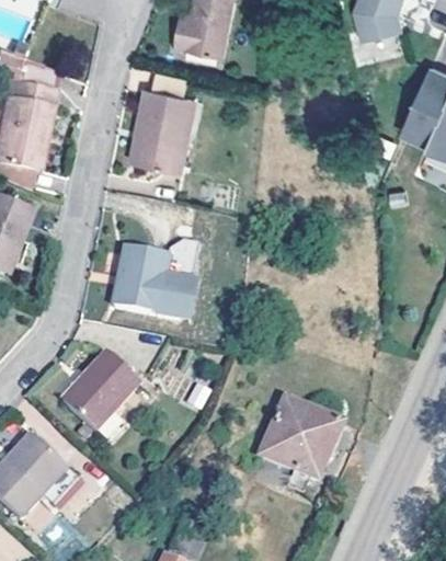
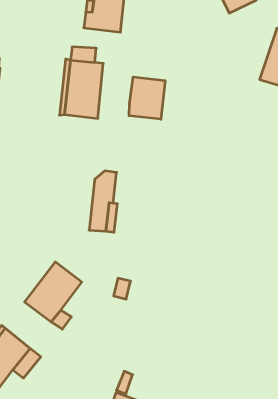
building: none -> [129,77,165,119]
building: [114,245,169,314] -> none
building: [258,399,340,492] -> none

